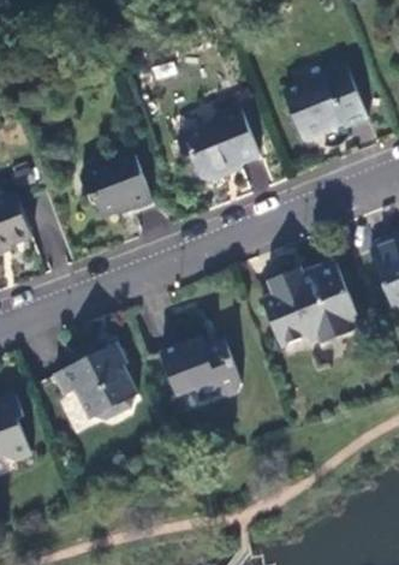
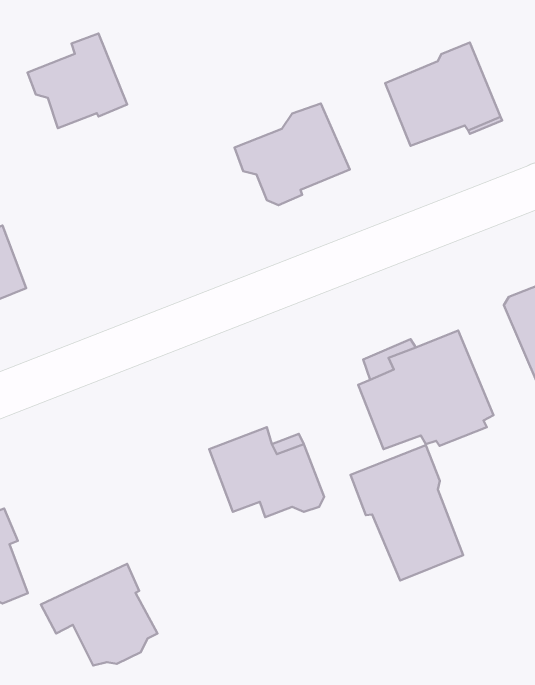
building: [81,149,151,216] -> [27,33,127,128]
building: [54,345,137,417] -> [41,564,158,666]
building: none -> [350,445,463,580]

